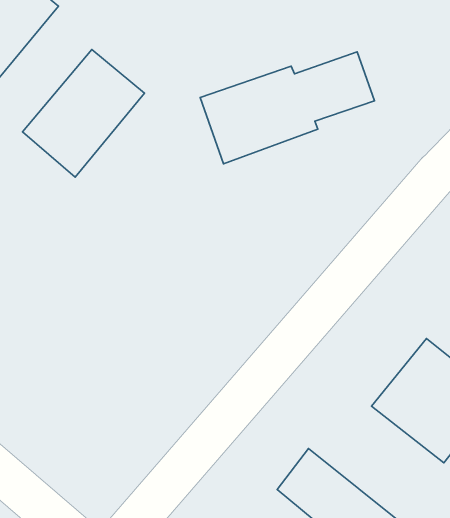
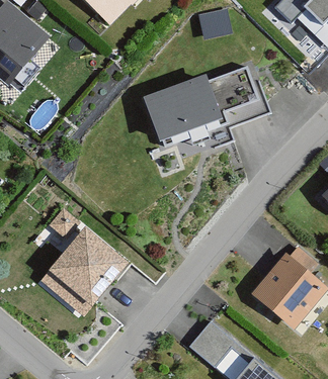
building: [23,50,145,177] -> none
building: none -> [42,209,129,316]

